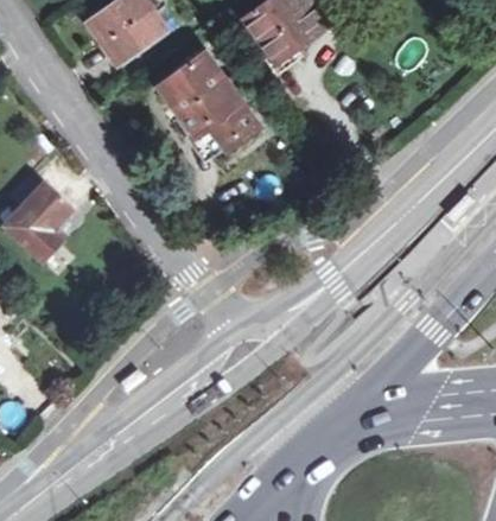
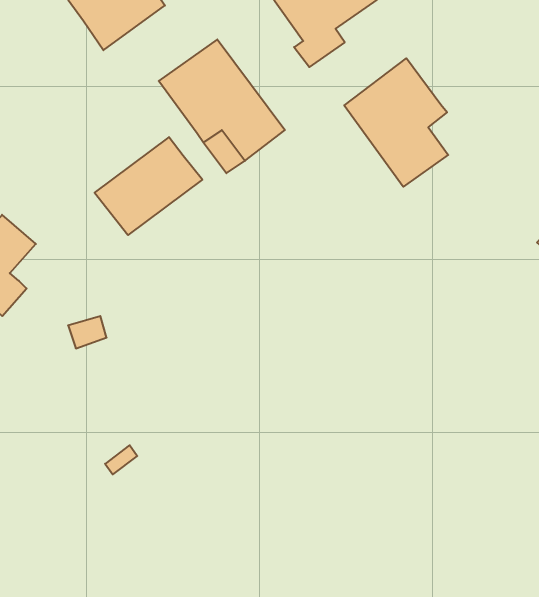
building: none -> [344,58,448,187]
building: none -> [95,137,202,235]

